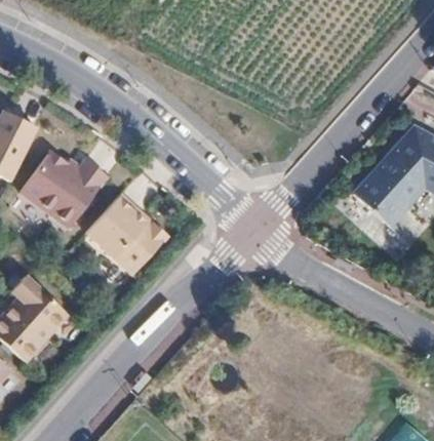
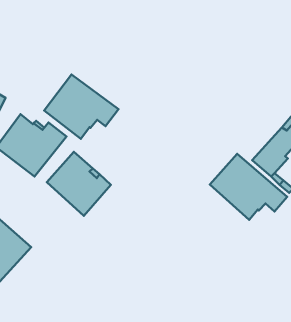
building: none -> [44,75,118,139]
building: none -> [210,154,287,220]

